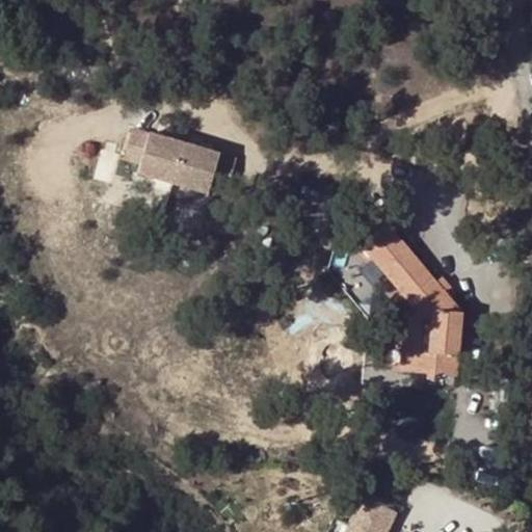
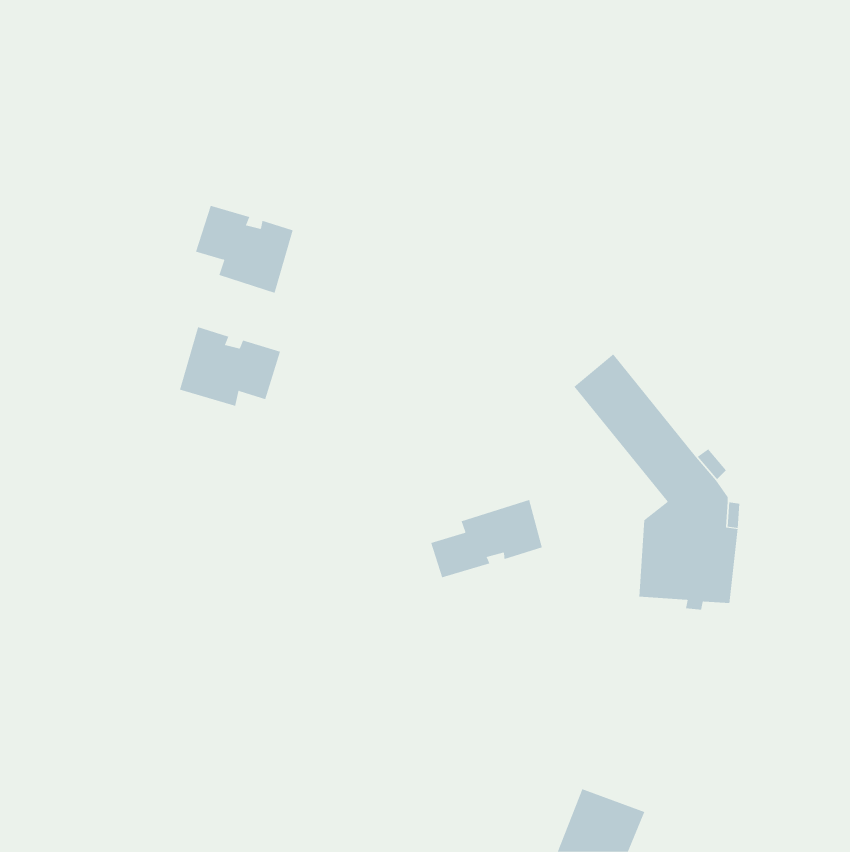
building: [172,143,236,193] -> [179,326,281,406]
building: none -> [430,499,543,578]

